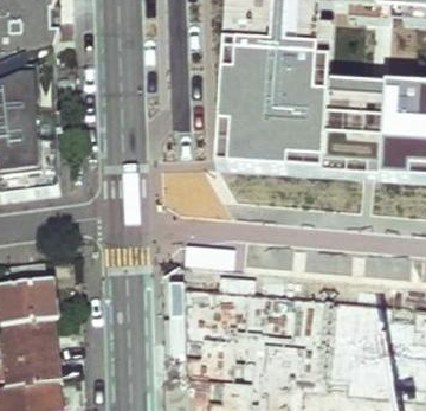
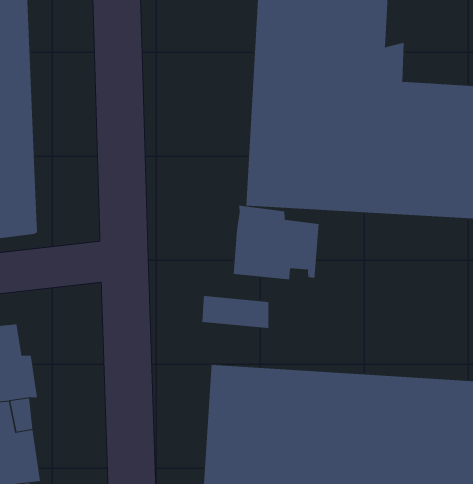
building: none -> [233,205,319,280]

